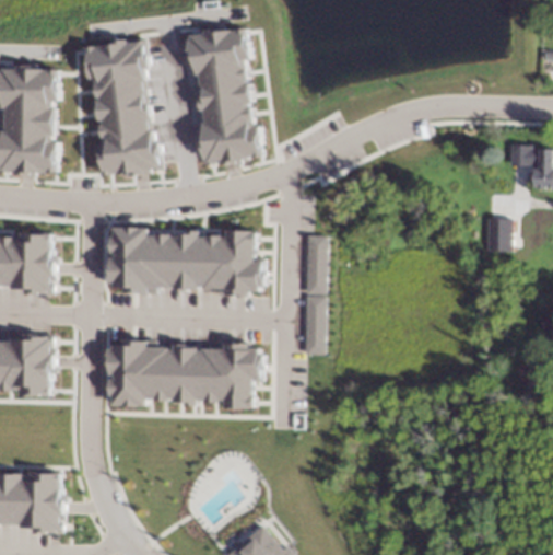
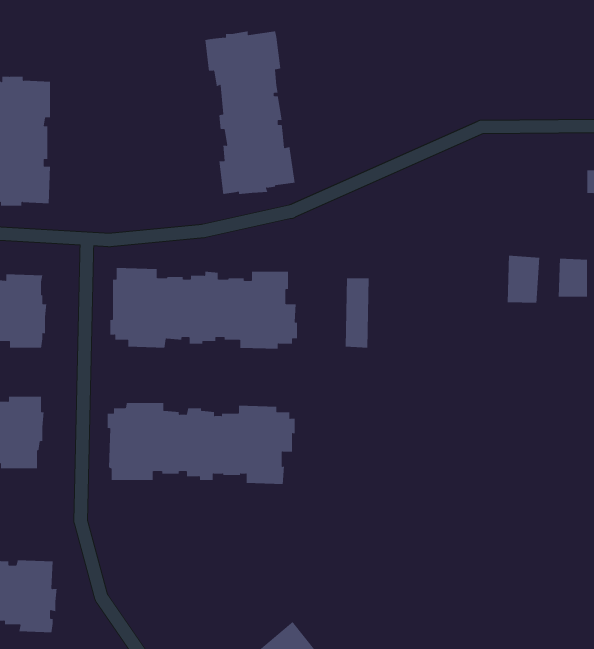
building: [85,38,161,176] -> none
building: none -> [507,255,540,304]
building: [303,296,323,355] -> none

